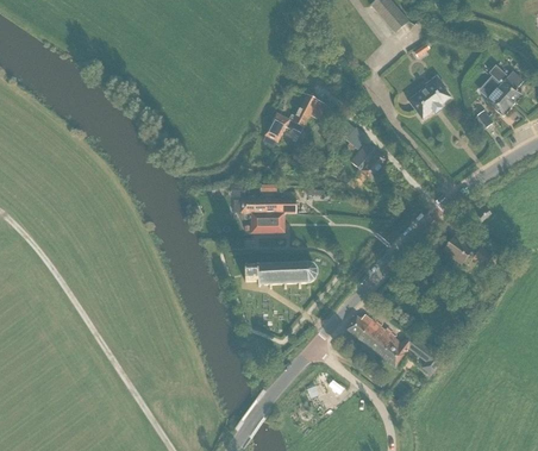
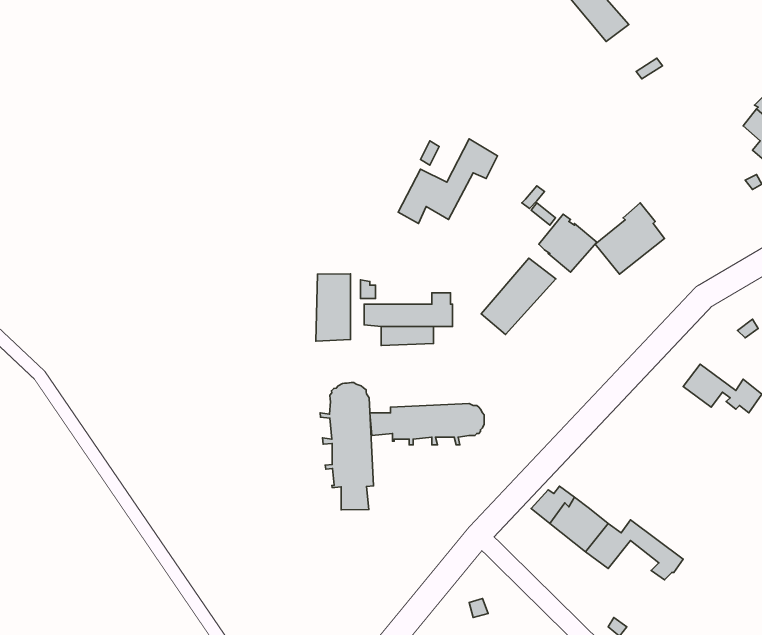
building: [407,74,451,119] -> [595,203,665,274]
building: none -> [481,258,556,335]
building: none -> [316,274,351,341]
building: none -> [320,382,373,510]

